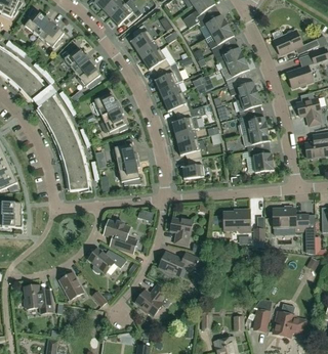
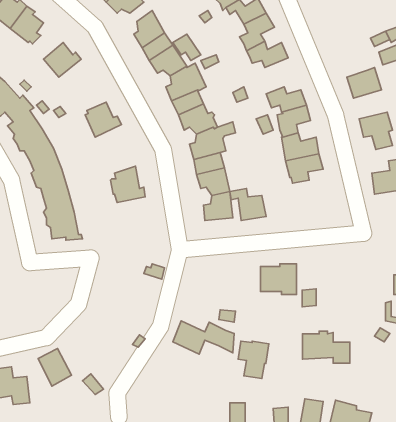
building: [274,30,302,55] -> none
building: [220,58,249,85] -> none
building: [75,59,100,89] -> none
building: [101,107,127,134] -> none
building: [247,148,274,172] -> [230,189,266,221]
building: [118,161,139,184] -> none
building: [273,207,307,230] -> [303,331,350,363]
building: [170,218,193,246] -> [238,341,269,379]
building: [105,220,137,253] -> none
building: [88,248,127,273] -> none
building: [135,284,167,316] -> none

